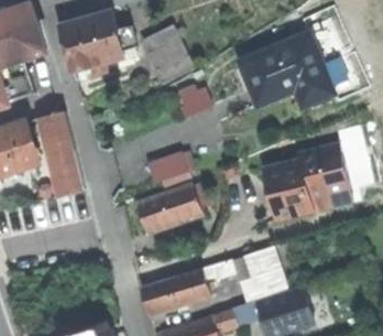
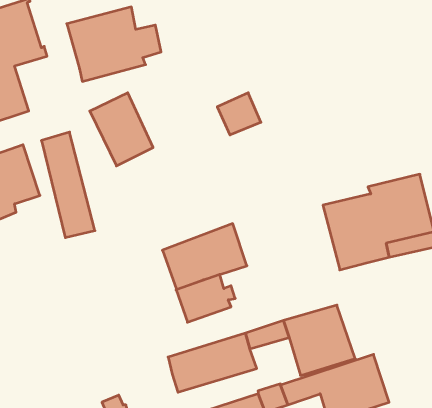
building: [143,25,193,83] -> [90,93,153,166]
building: [239,34,333,107] -> none
building: [147,153,194,191] -> [176,274,235,322]

